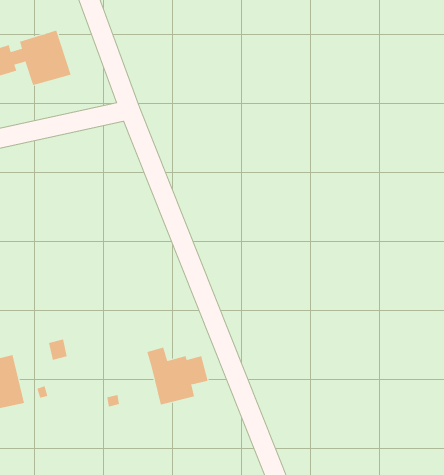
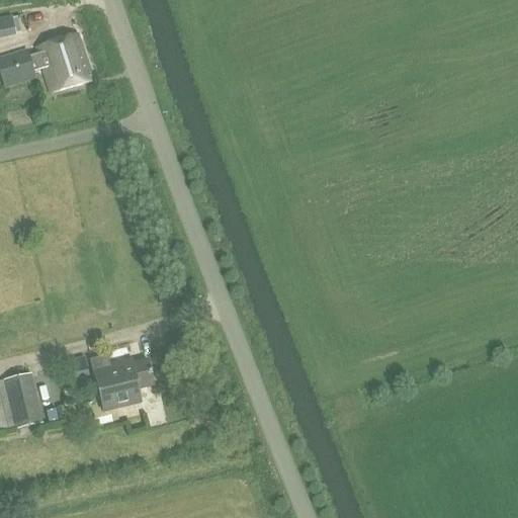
building: [146,347,209,405] -> [89,348,154,409]

